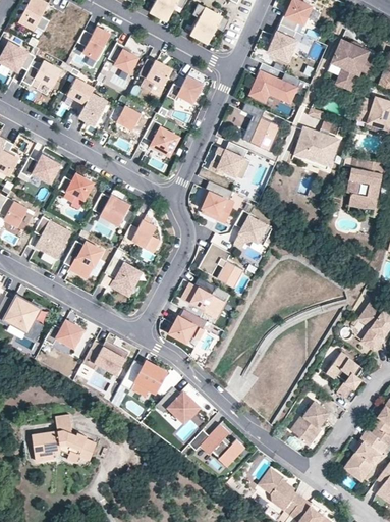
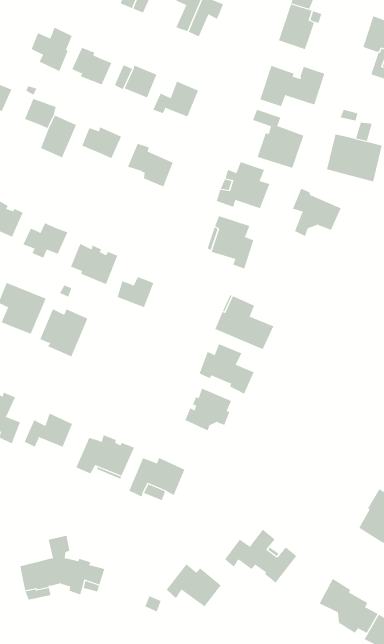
building: [234,210,272,248] -> [292,188,341,237]
building: [104,249,142,297] -> none
building: [158,392,201,426] -> [166,563,221,607]

